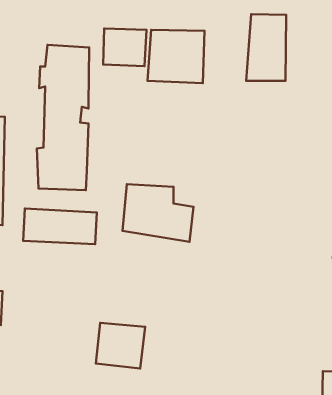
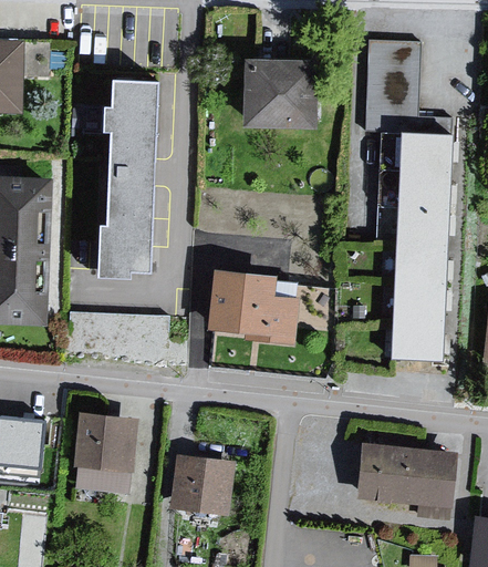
building: [103,29,147,66] -> none
building: none -> [391,136,458,364]
building: none -> [75,410,138,498]
building: none -> [359,443,457,520]

